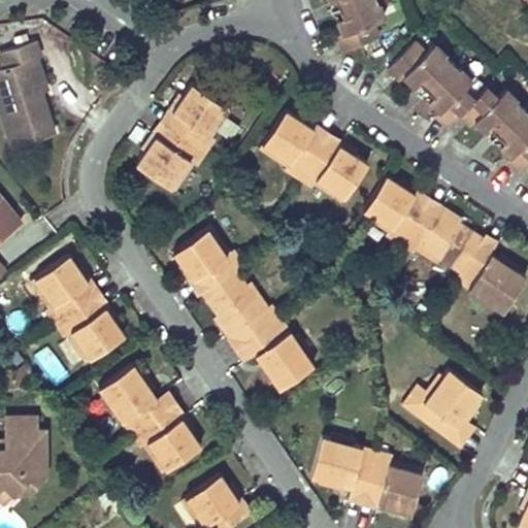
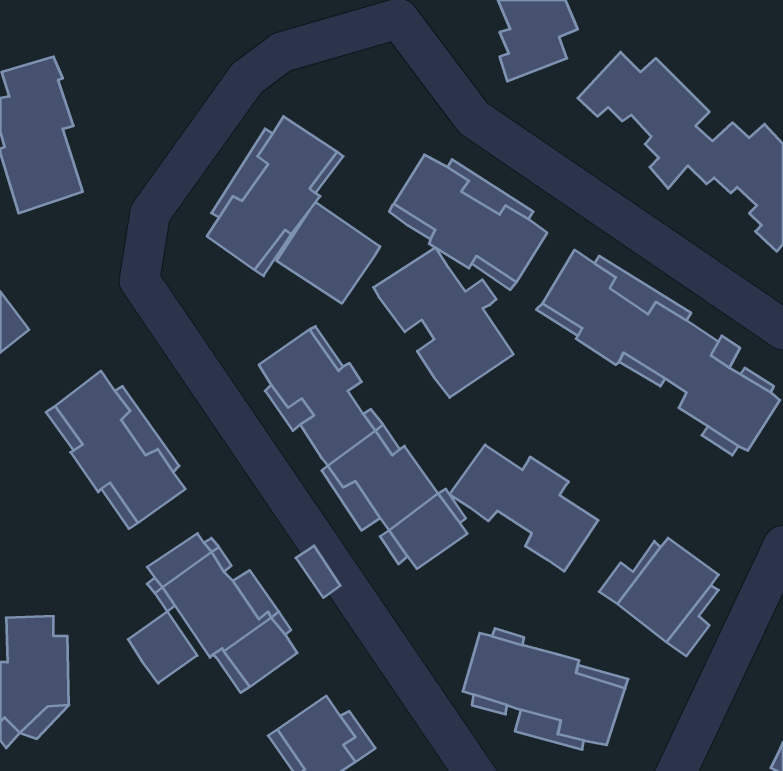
building: none -> [277,202,380,303]
building: none -> [373,248,513,398]
building: none -> [450,445,598,571]
building: none -> [128,612,197,683]

